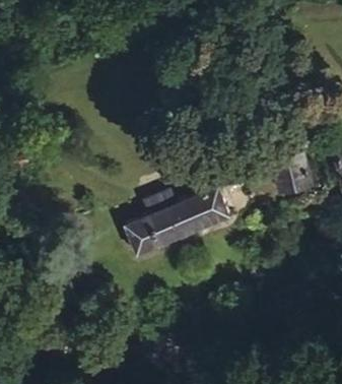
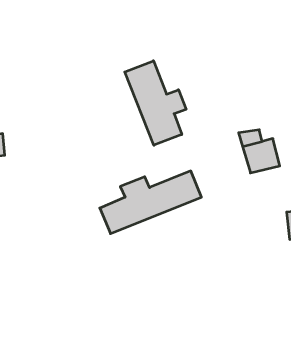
building: none -> [125,61,186,145]

